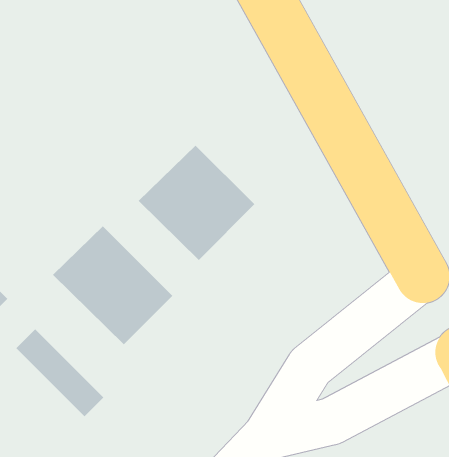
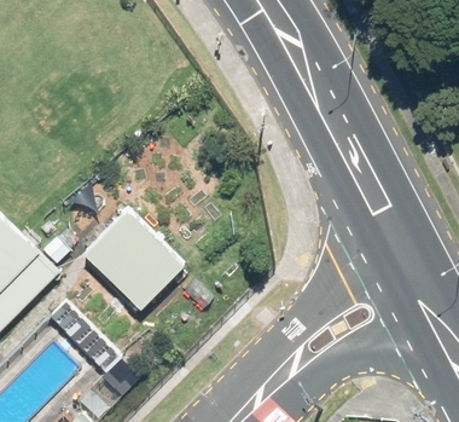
building: [138,145,255,261] -> none

